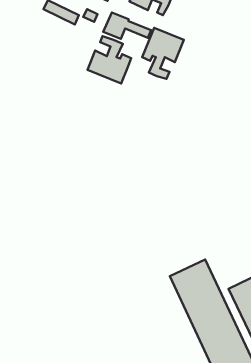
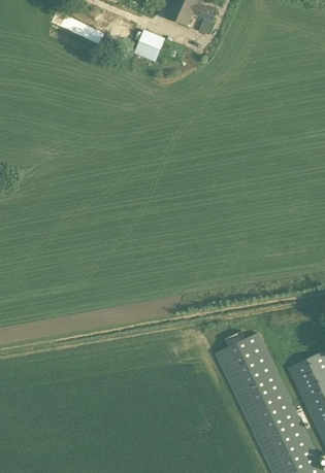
building: [142,28,184,79] -> none
building: [87,36,131,84] -> none

